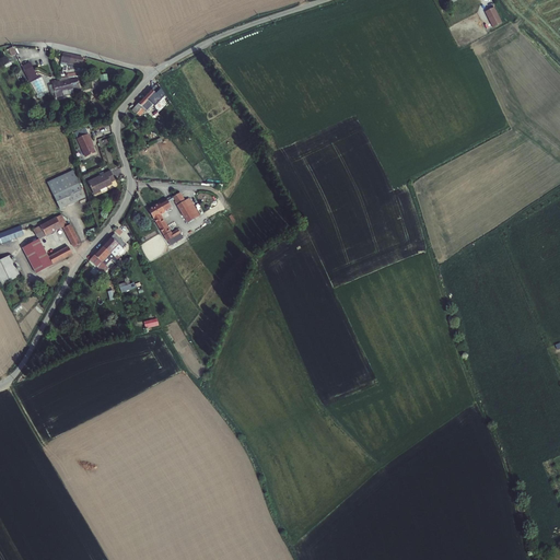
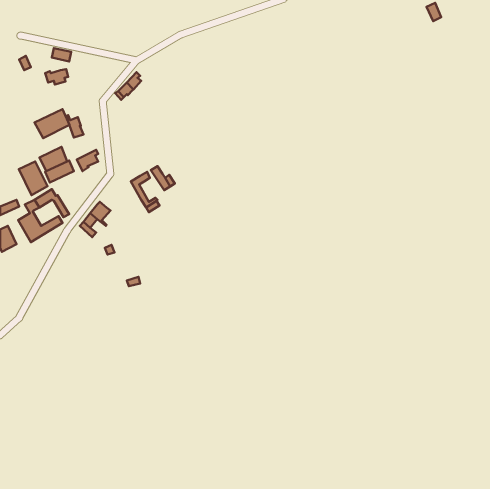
building: none -> [34,109,69,138]
building: none -> [19,162,48,195]

